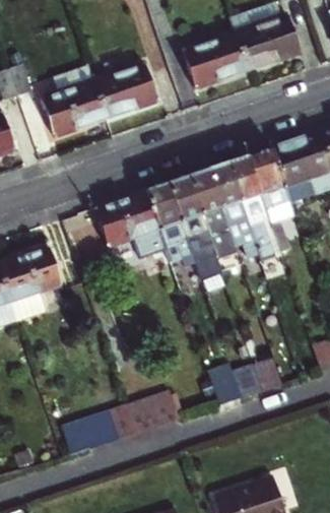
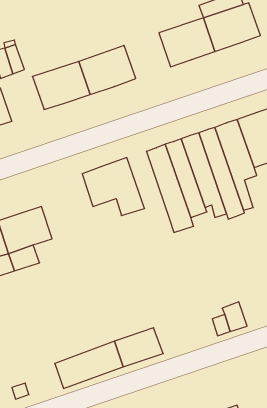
building: [147,184,196,264] -> none
building: [210,363,243,403] -> none

